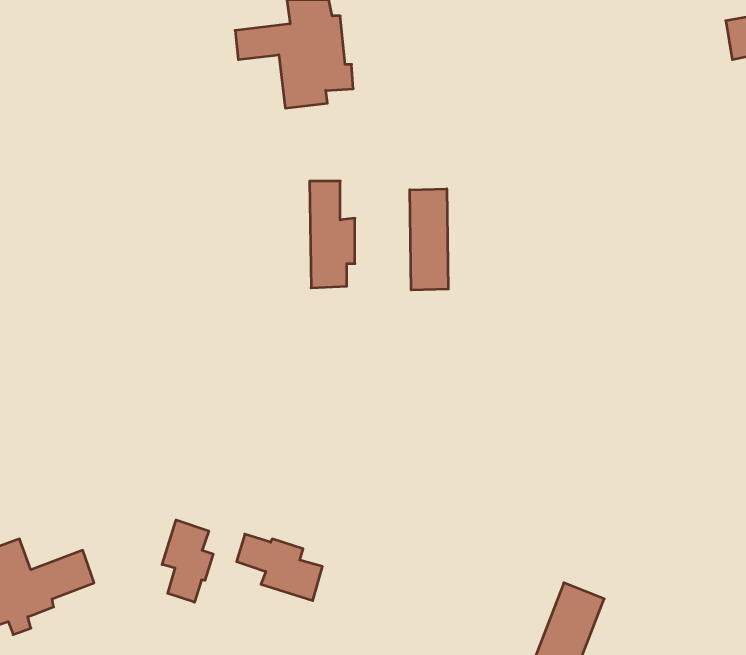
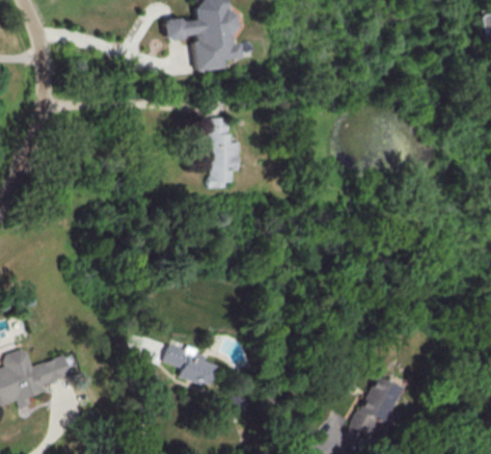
building: [410,189,448,290] -> none
building: [162,520,213,602] -> none

